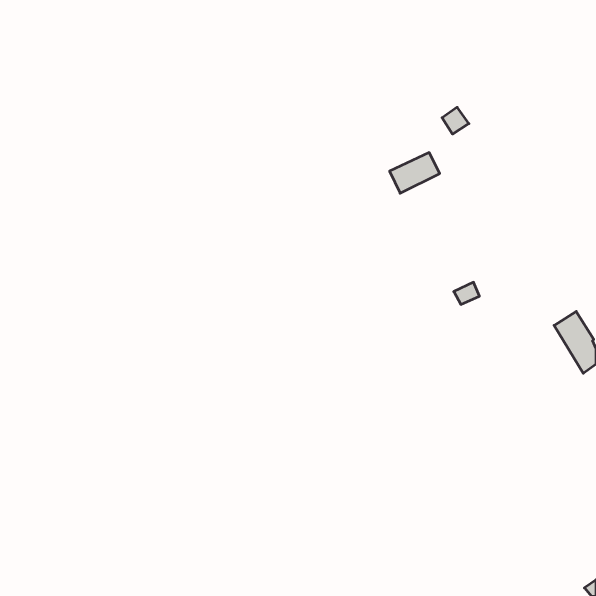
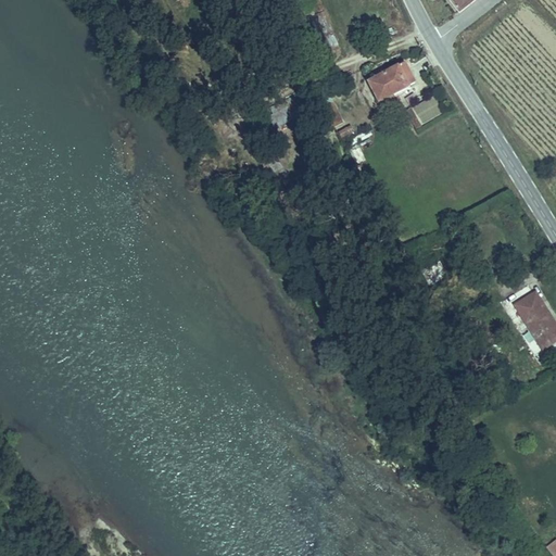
building: [390,153,440,193] -> [368,62,415,100]

